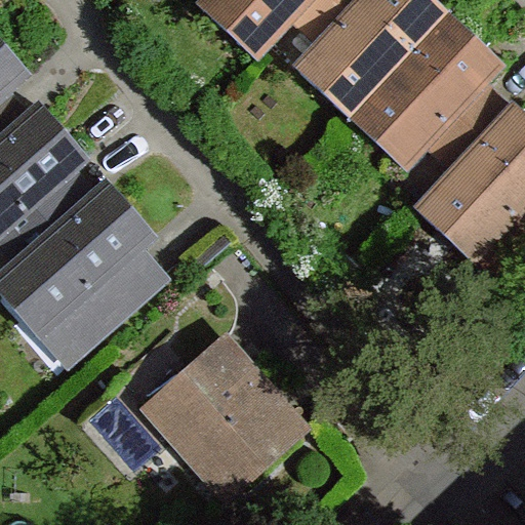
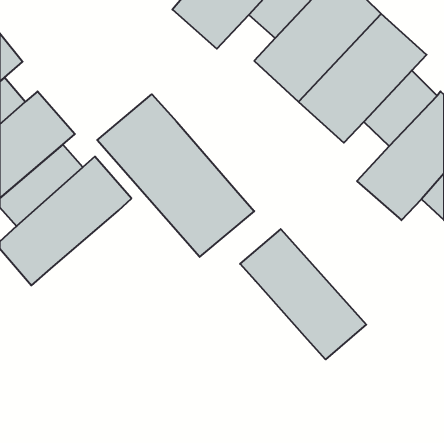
building: none -> [97,94,254,257]
building: [59,248,167,349] -> none
building: none -> [240,229,366,359]
building: [149,341,305,488] -> none

